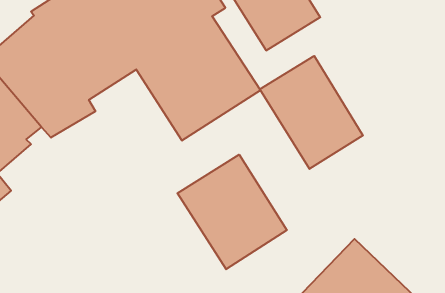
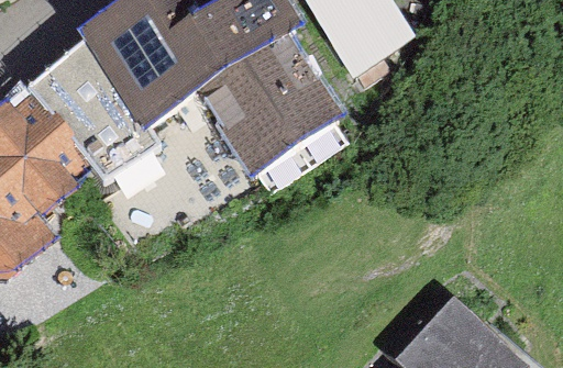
building: [260,56,363,169] -> none
building: [177,155,287,269] -> none

